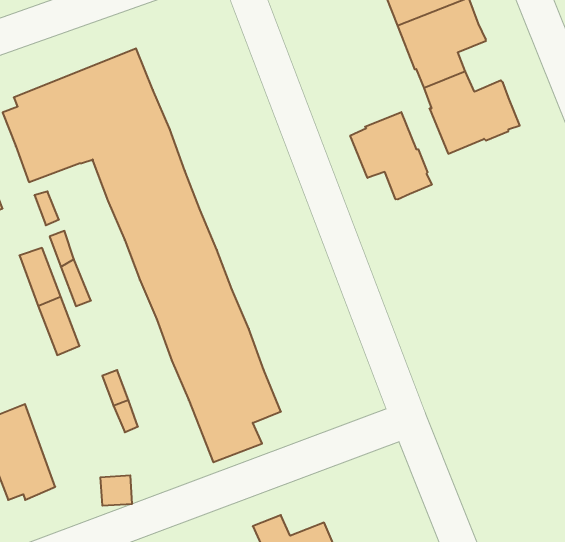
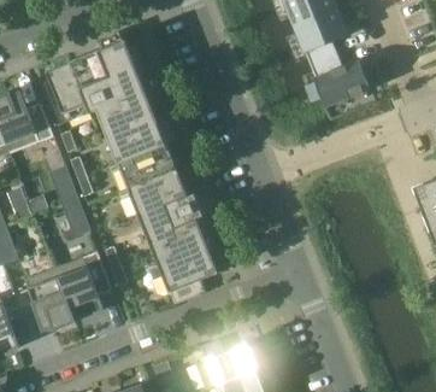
building: [350,112,432,199] -> none
building: none -> [55,256,105,320]

